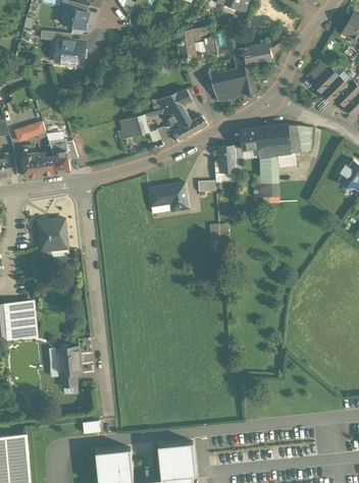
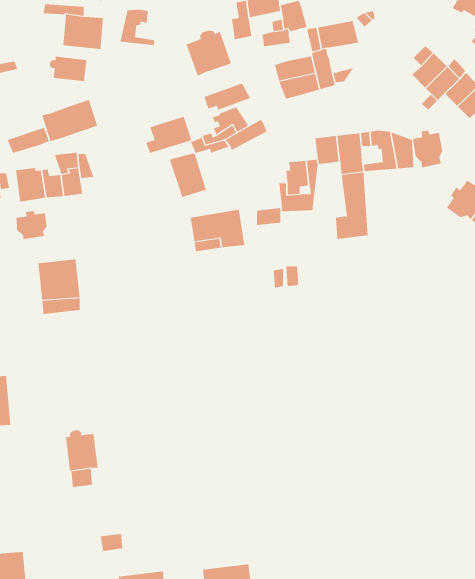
building: none -> [120,9,155,46]
building: none -> [186,30,232,77]
building: none -> [49,56,87,82]
building: none -> [42,99,98,142]
building: none -> [413,130,443,168]
building: none -> [169,152,207,198]
building: none -> [16,211,47,240]
building: [12,303,35,340] -> none

